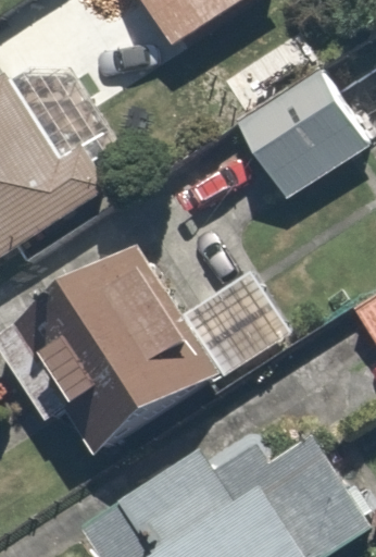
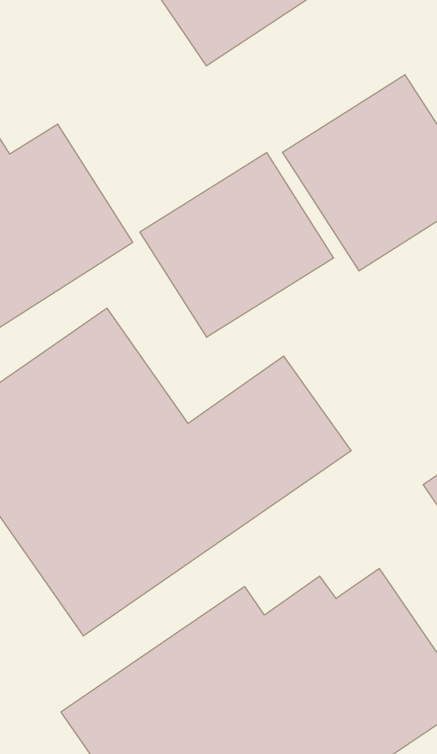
building: none -> [140,153,334,337]

